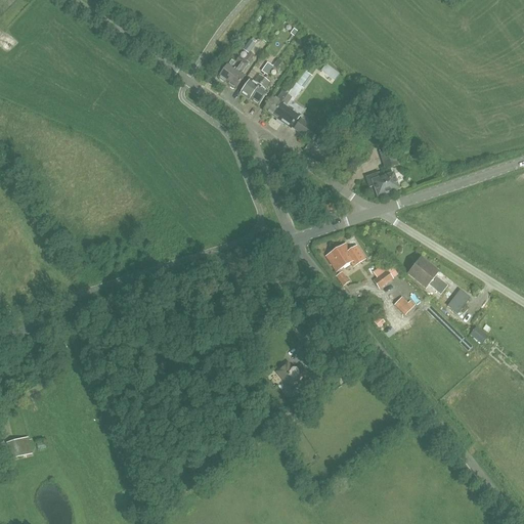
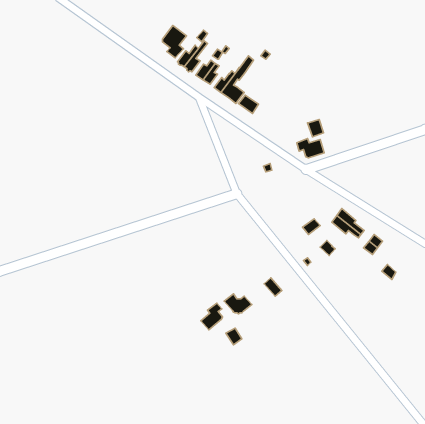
building: none -> [162,25,186,58]
building: [324,242,355,283] -> none
building: none -> [201,303,222,330]

